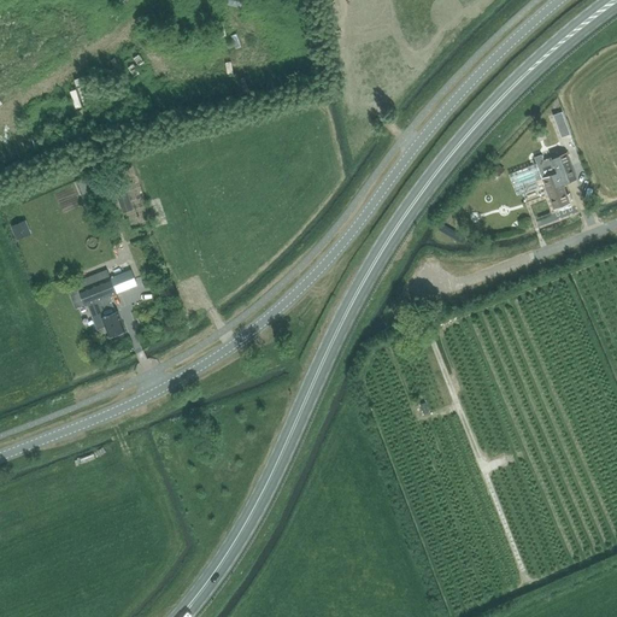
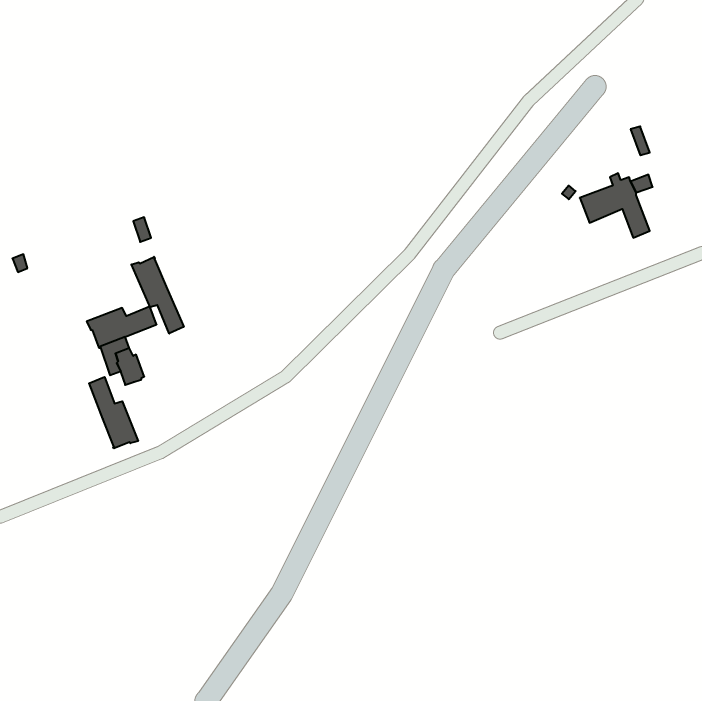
building: none -> [131,257,184,334]
building: none -> [89,377,138,448]

